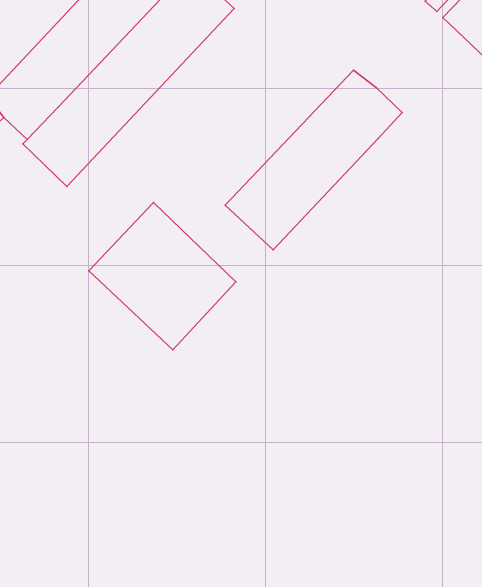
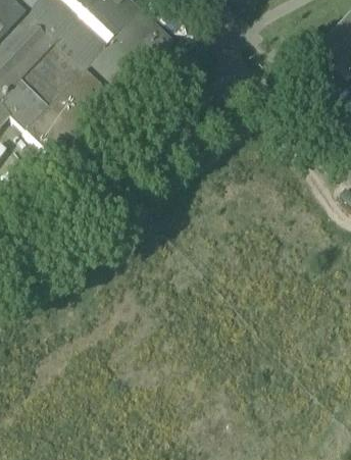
building: [225,70,402,250] -> none
building: [89,203,236,350] -> none

